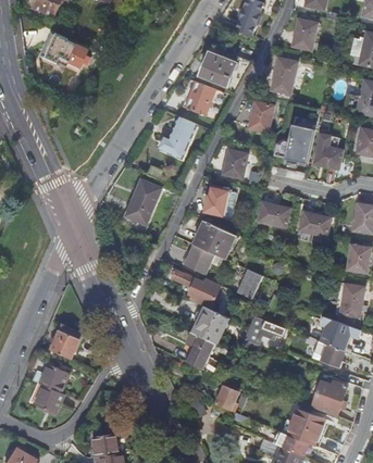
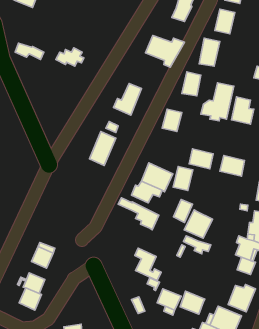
building: [51,45,88,68] -> [56,48,84,66]
building: [184,80,215,115] -> none
building: [203,186,229,217] -> [173,167,193,191]
building: [192,306,229,343] -> [184,210,212,238]
building: none -> [180,291,205,314]

